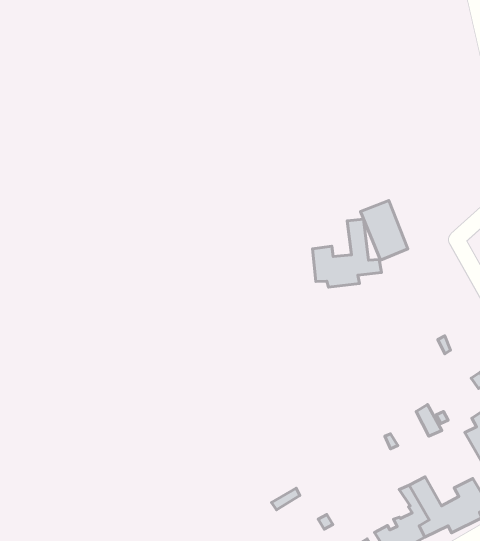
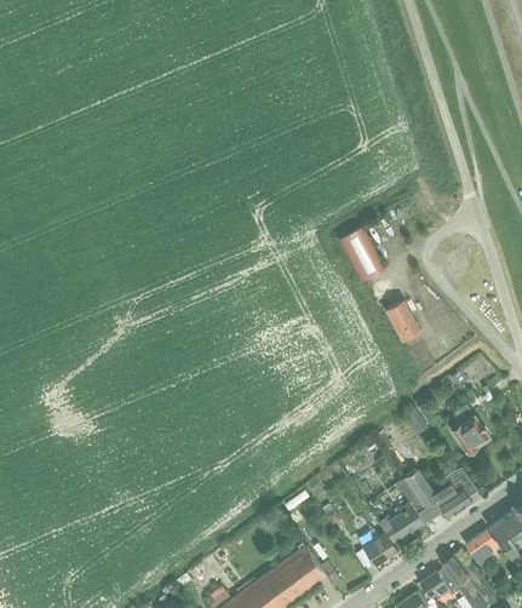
building: [313,219,382,287] -> none
building: none -> [385,299,420,340]

